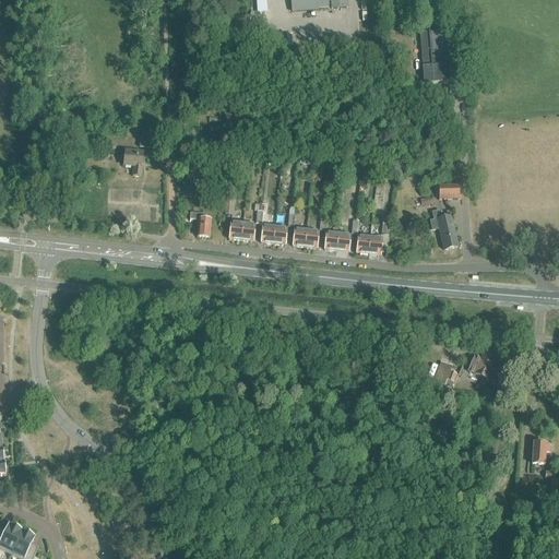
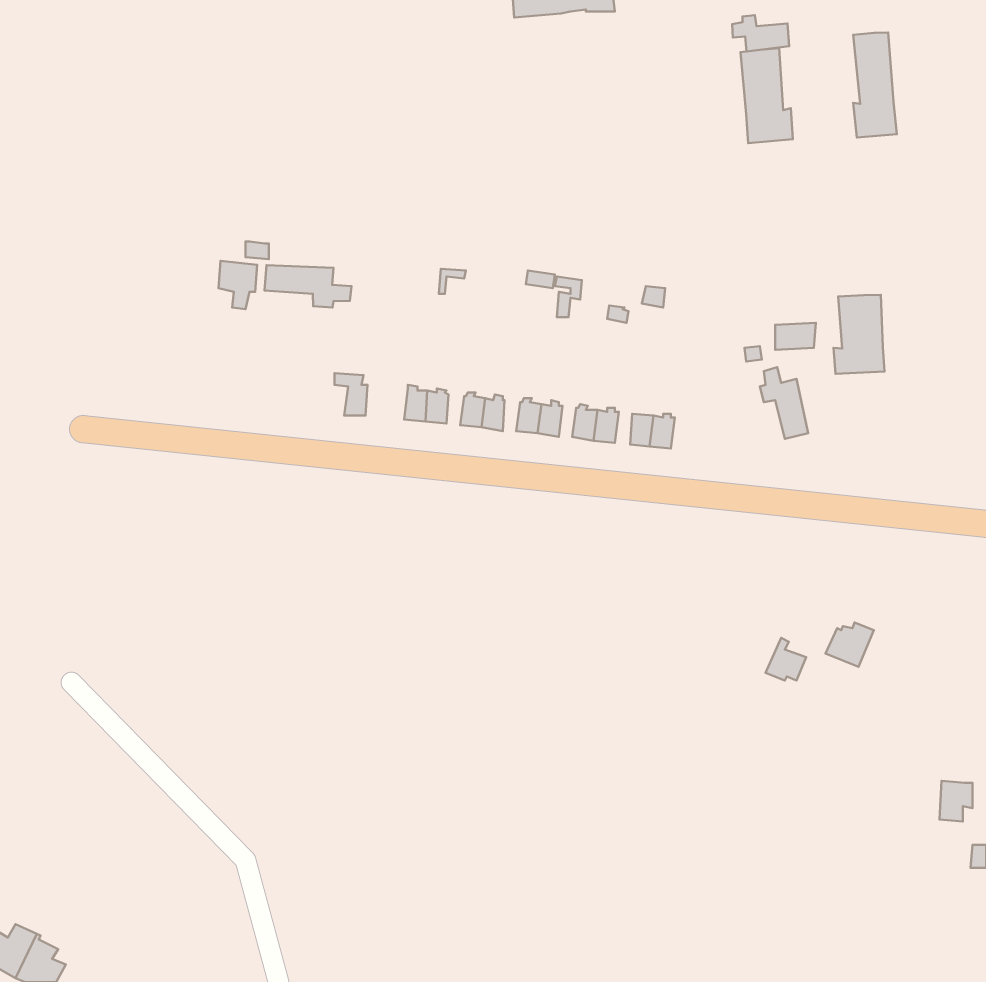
building: none -> [732,15,789,51]
building: none -> [853,32,897,137]
building: none -> [265,265,352,308]
building: none -> [833,295,885,374]

